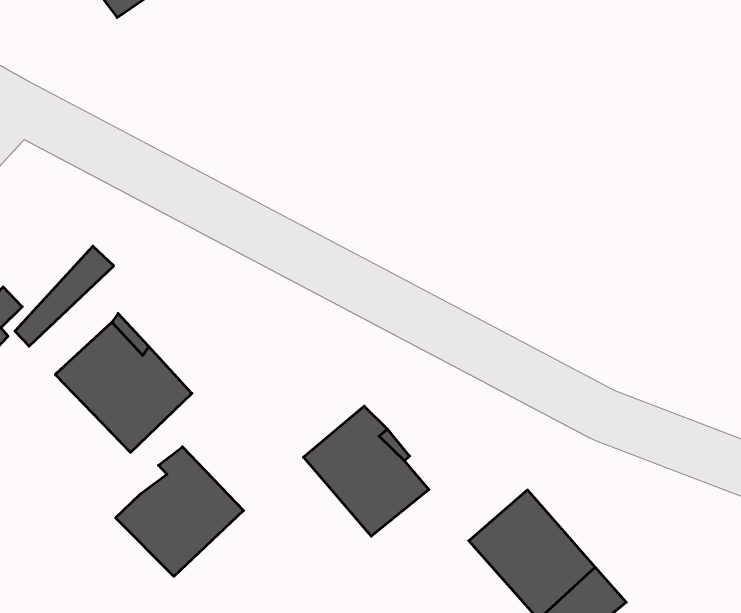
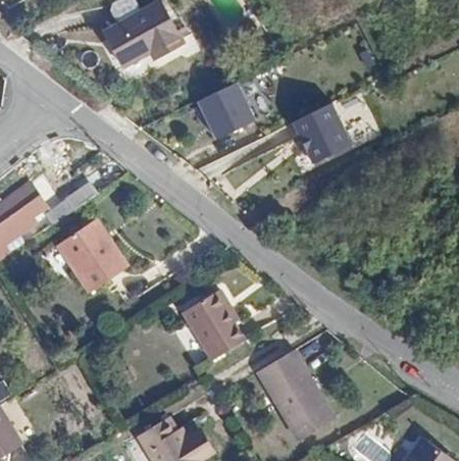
building: none -> [194,79,255,140]
building: none -> [289,97,353,164]
building: [116,447,244,576] -> none

